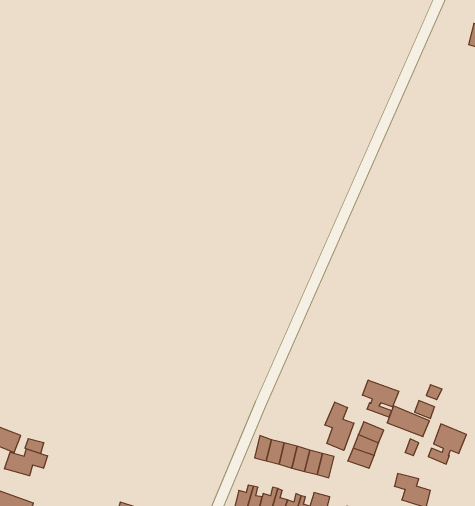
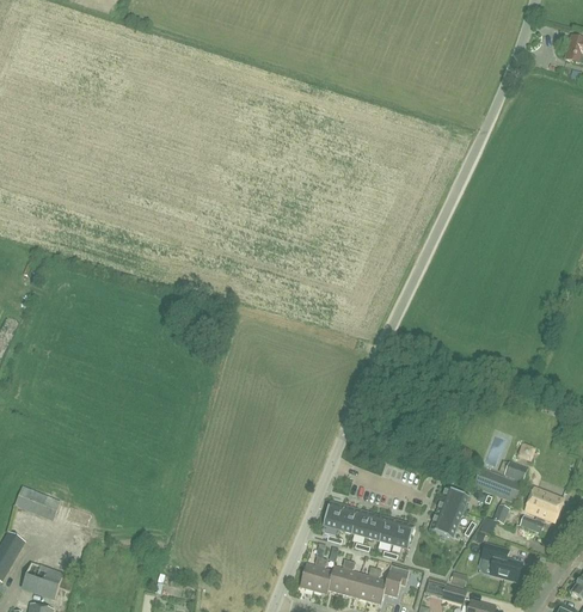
building: [362,380,399,417] -> none
building: [325,402,354,450] -> none
building: [5,449,48,476] -> none

